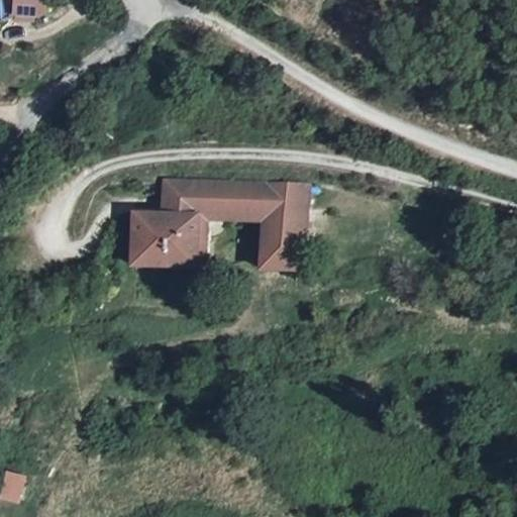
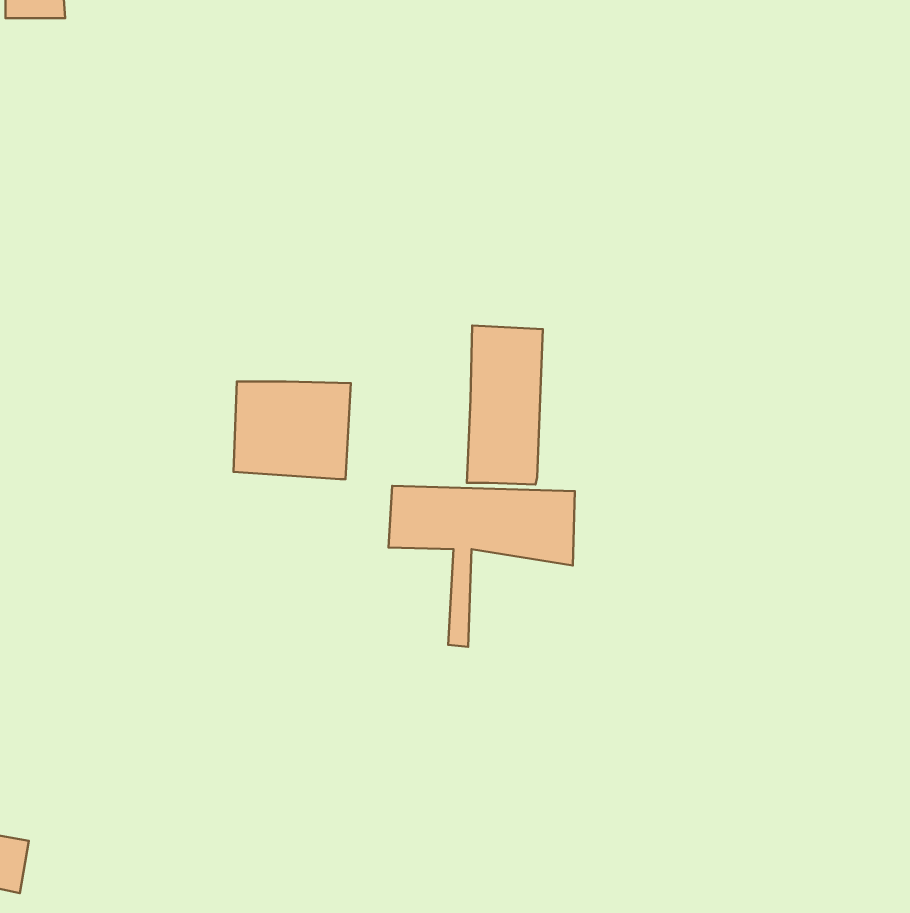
building: [160,179,264,269] -> [388,486,575,647]

